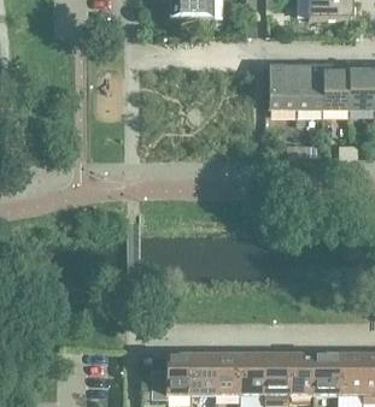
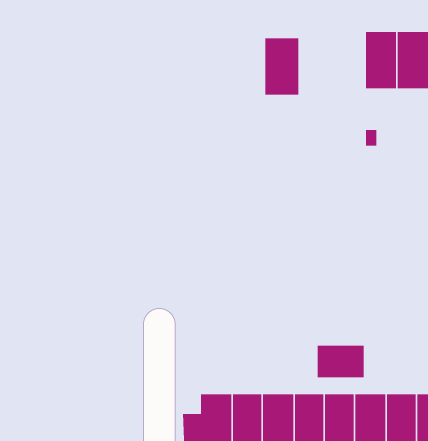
building: [269,66,297,112] -> [264,38,299,95]
building: none -> [317,345,364,378]

